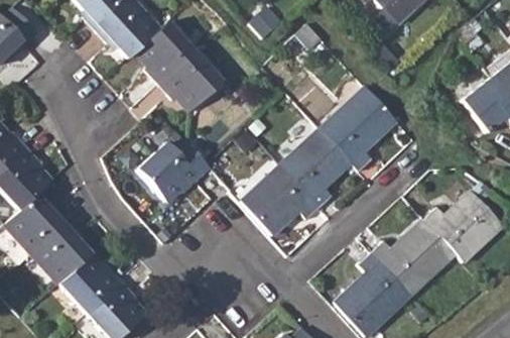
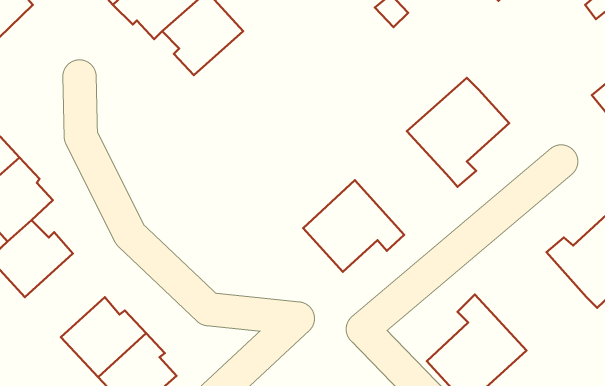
building: [158,52,222,112] -> none
building: [280,128,352,207] -> none
building: [136,142,210,203] -> none
building: [371,220,456,295] -> none
building: [30,221,91,285] -> none

